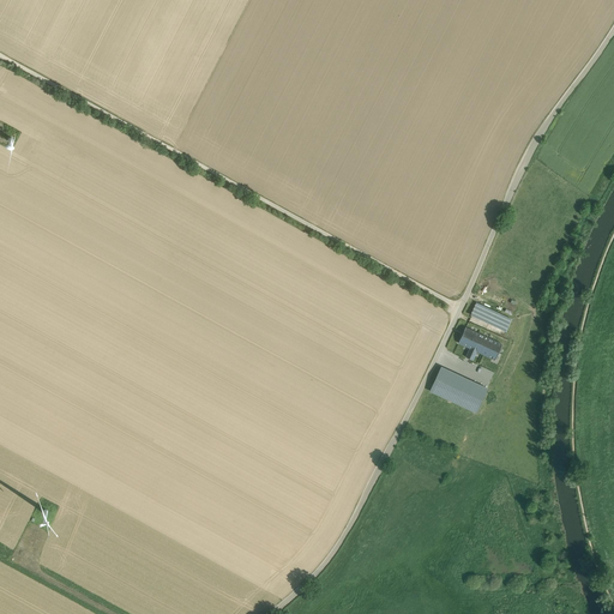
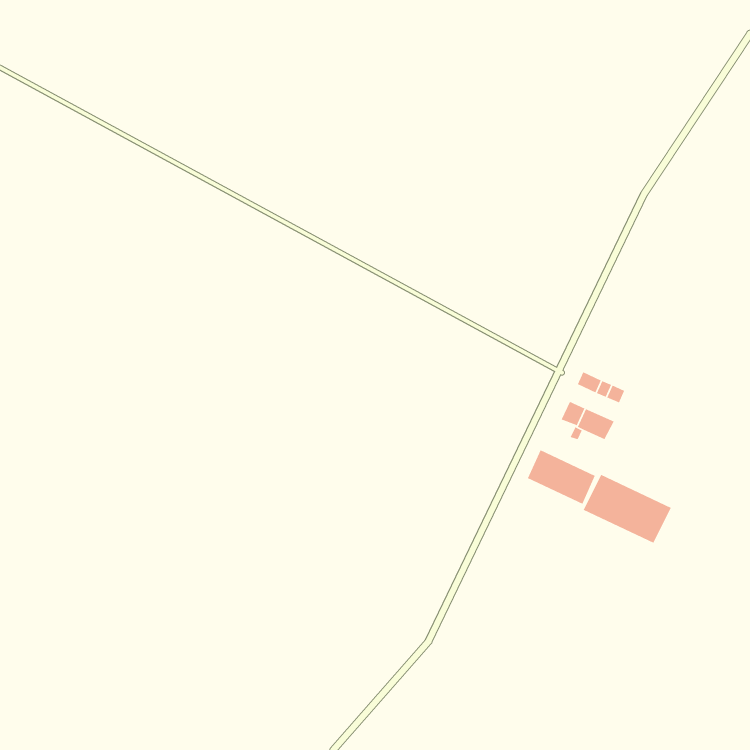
building: none -> [583,474,672,544]

